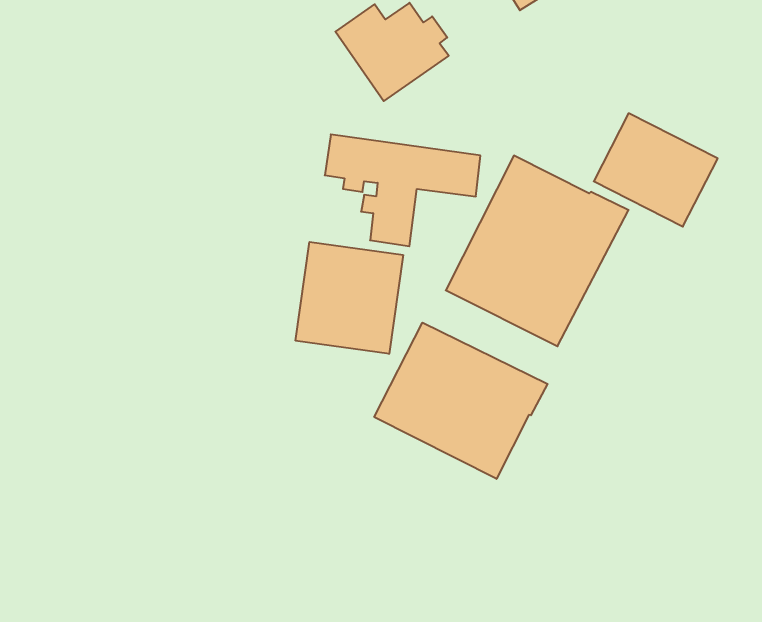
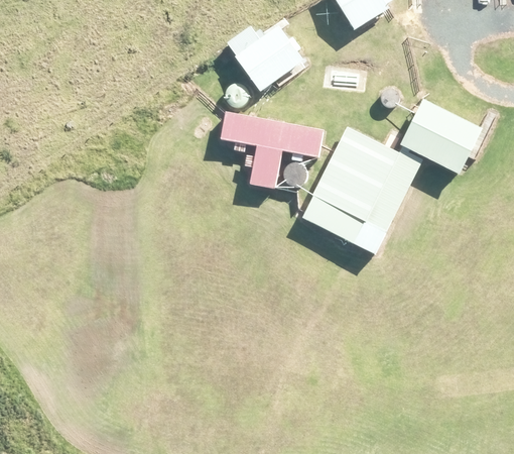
building: [296,242,403,354] -> none
building: [374,323,548,479] -> none

